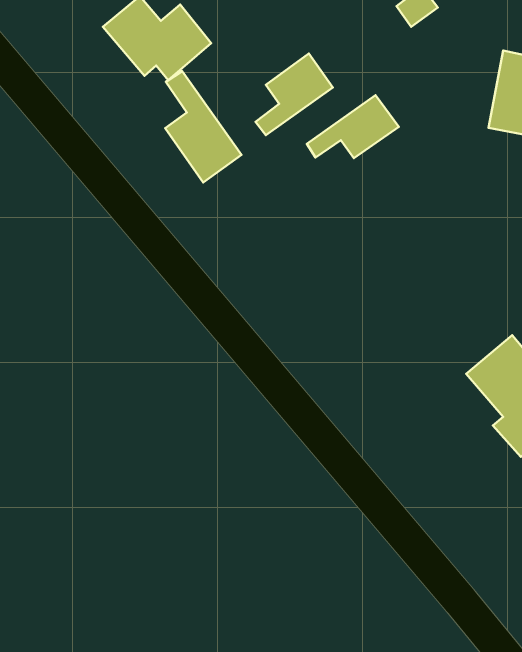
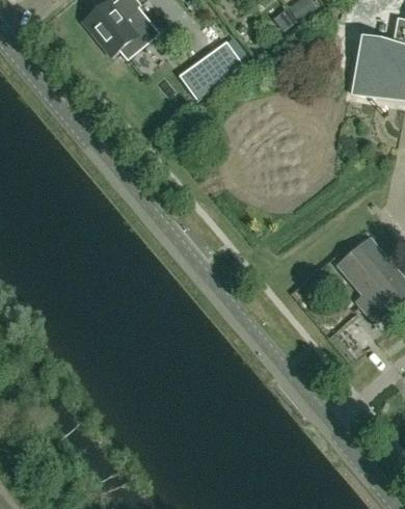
building: [165,71,242,183] -> none
building: [307,95,399,158] -> none

